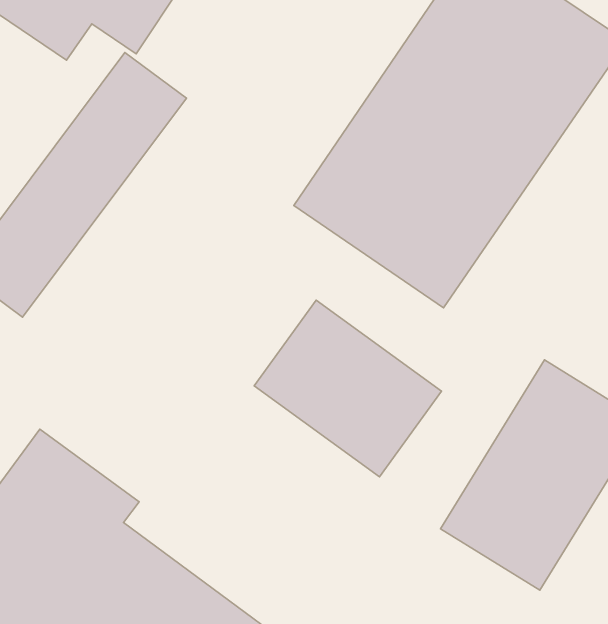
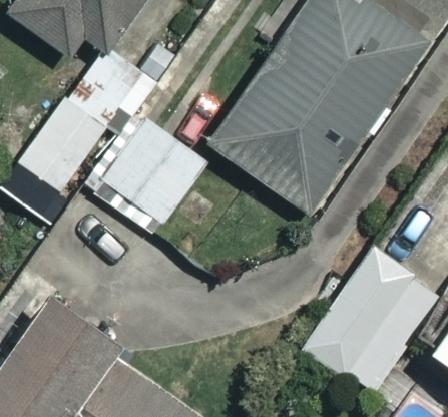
building: none -> [87,115,208,238]
building: [254,300,442,477] -> none

